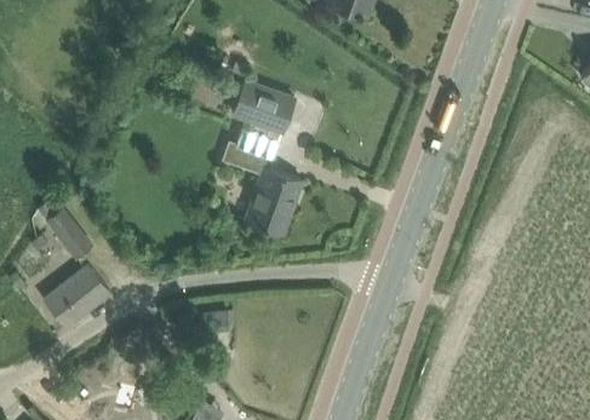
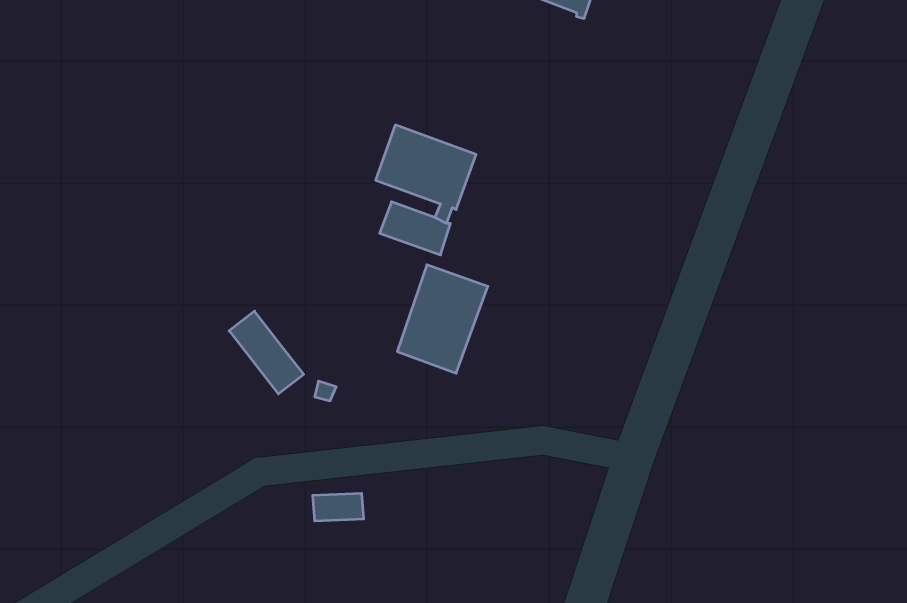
building: [46,208,92,259] -> [229,311,304,394]
building: [44,265,110,328] -> none

